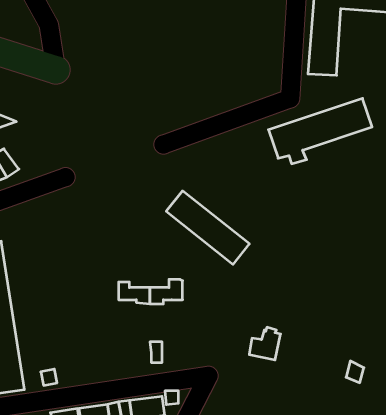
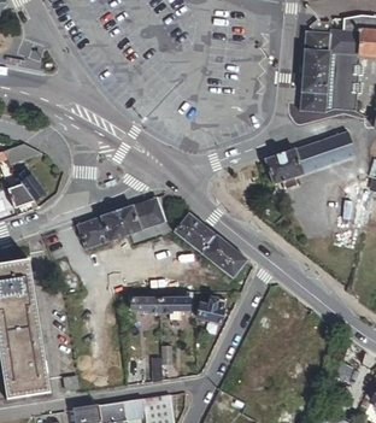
building: none -> [325,52,363,111]
building: none -> [77,199,159,246]
building: [249,327,281,360] -> [199,294,227,323]

